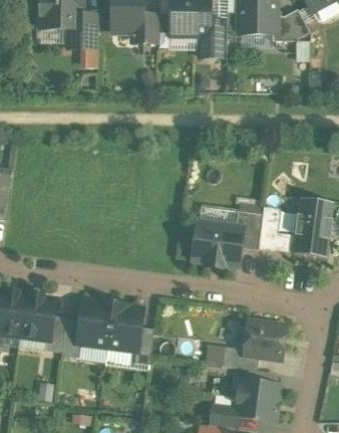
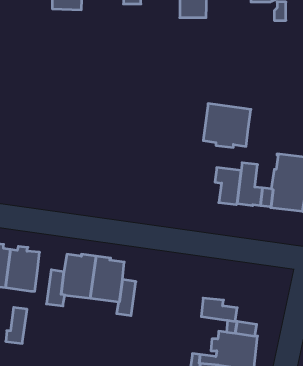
building: [192,222,241,267] -> [203,104,251,147]
building: [43,315,65,353] -> [6,307,27,343]
building: [242,320,284,360] -> none

